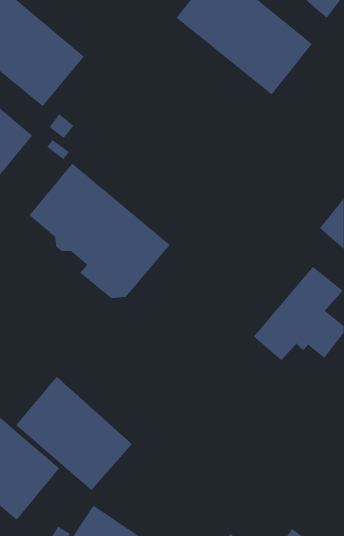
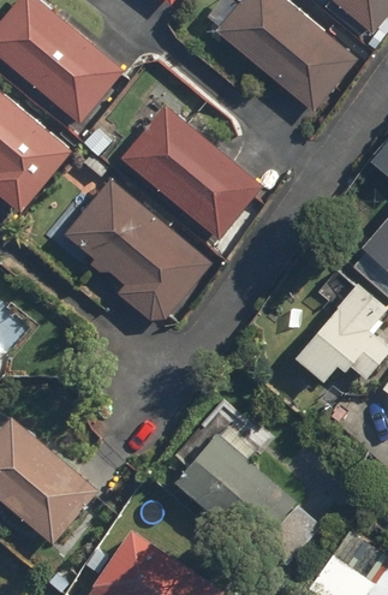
building: none -> [120,103,262,238]
building: [15,376,133,491] -> [175,432,296,549]

